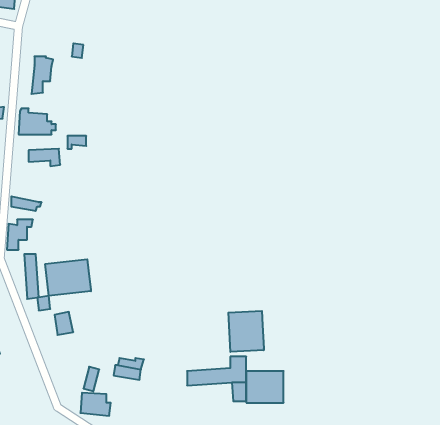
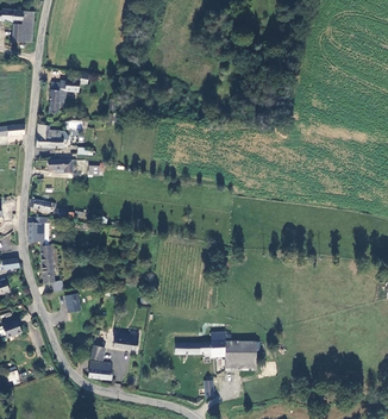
building: [45,259,91,296] -> none
building: [228,311,264,352] -> none

